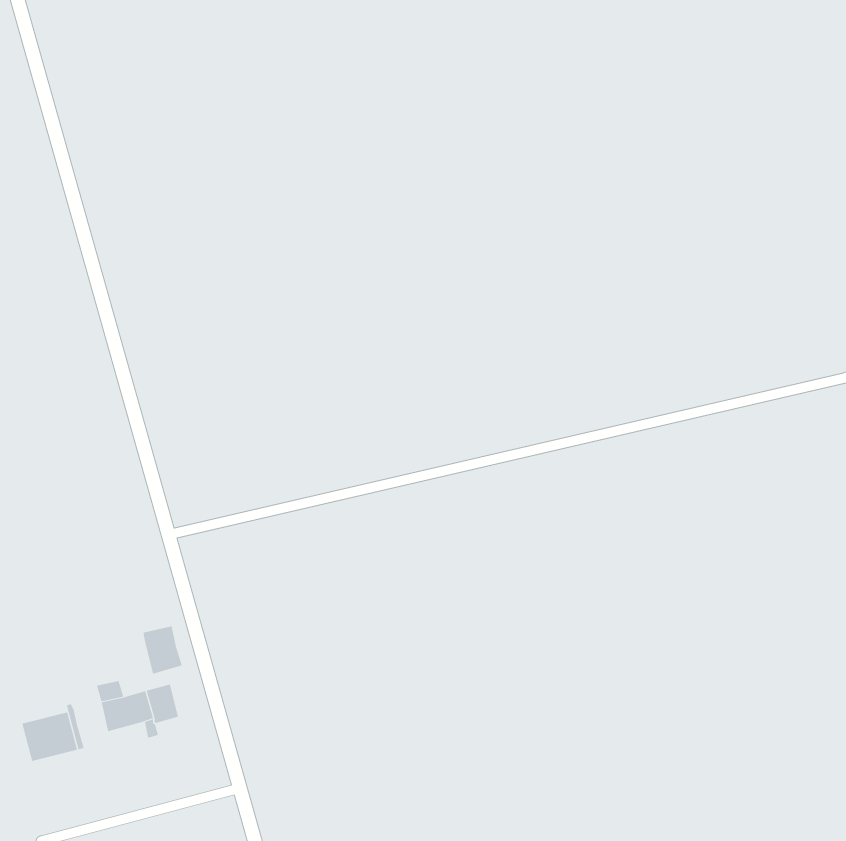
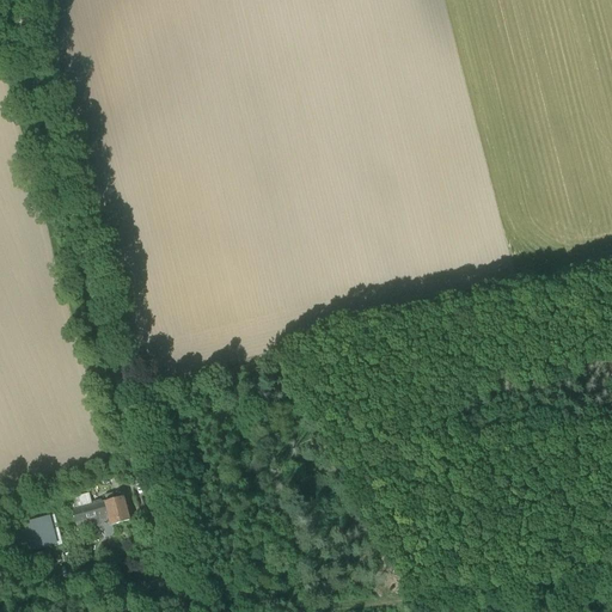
building: [143,625,183,675] -> none

